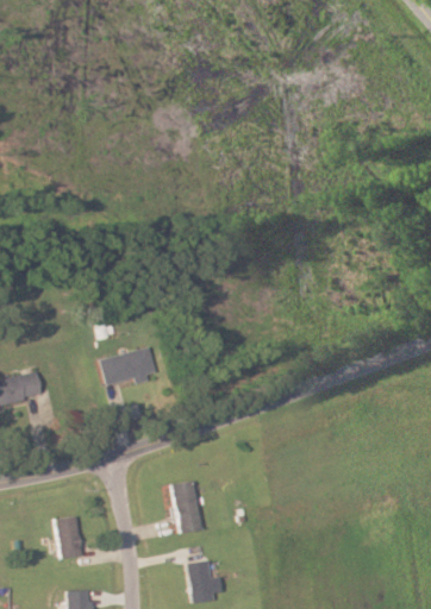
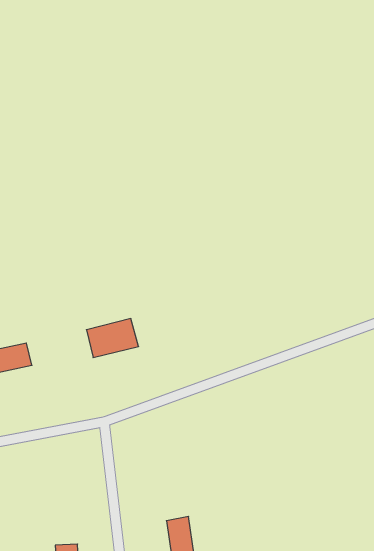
building: [171,482,201,533] -> none
building: [57,516,82,559] -> none

